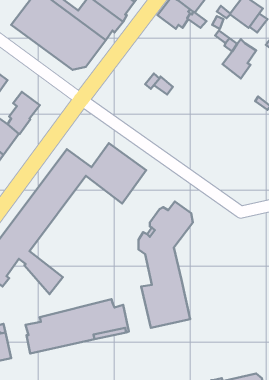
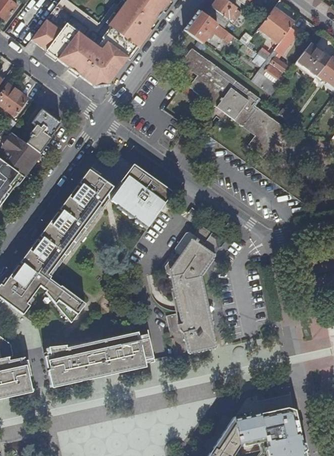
building: none -> [181,50,290,157]

